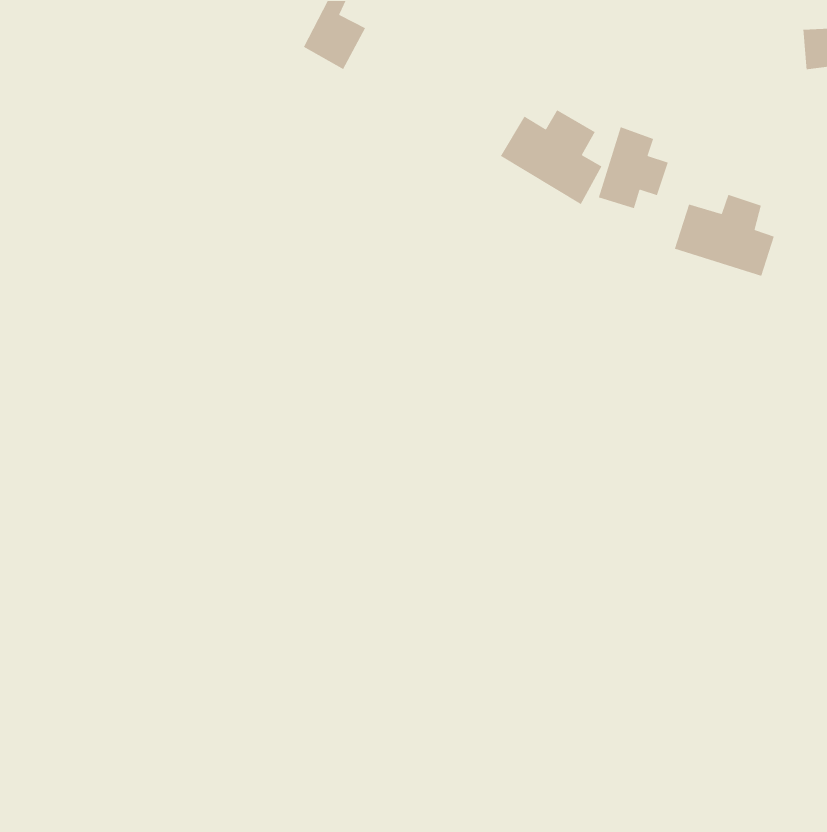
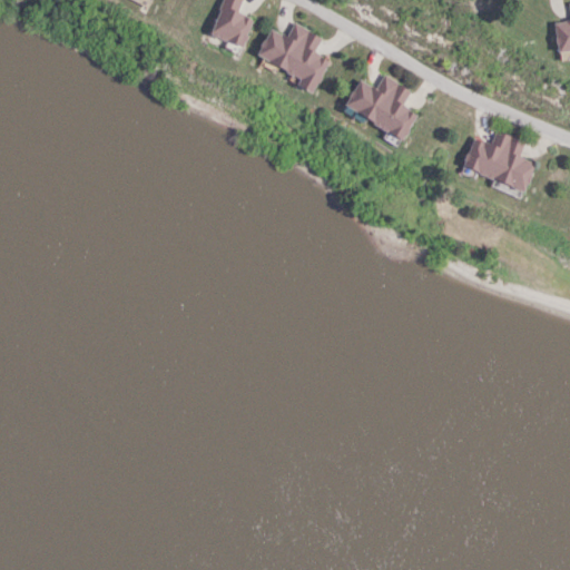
building: none -> [256,22,328,89]
building: [598,126,669,209] -> none

